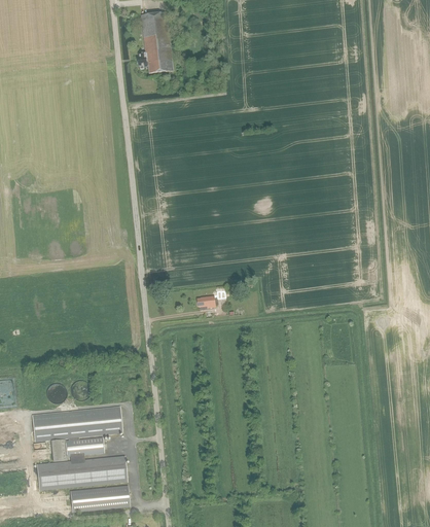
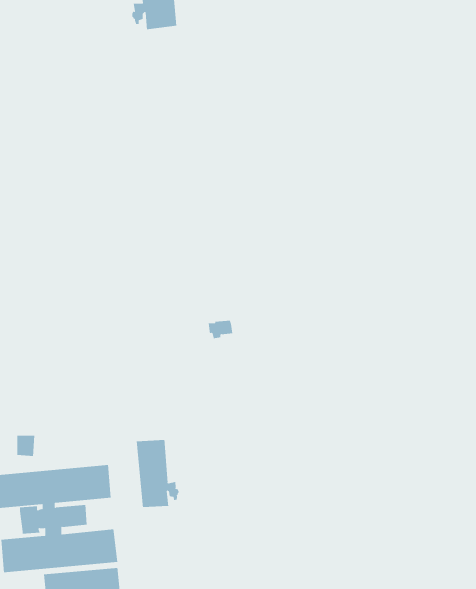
building: none -> [136,439,179,508]

